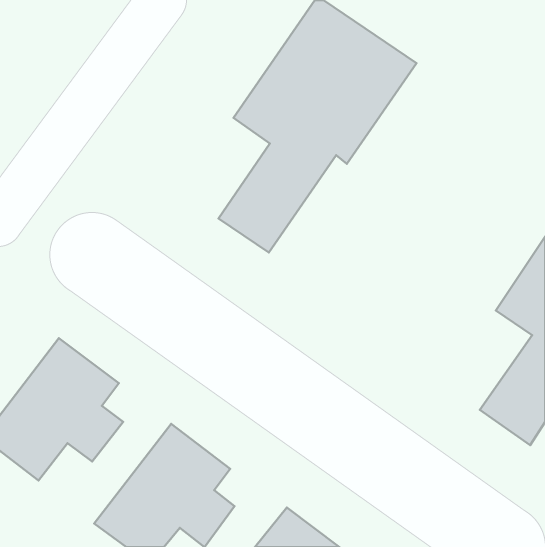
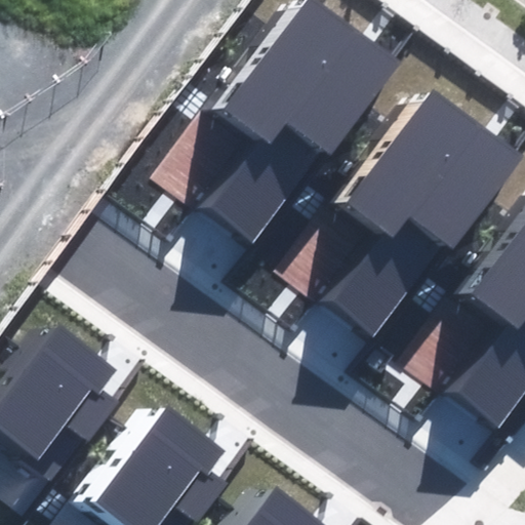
building: none -> [327,90,518,336]

